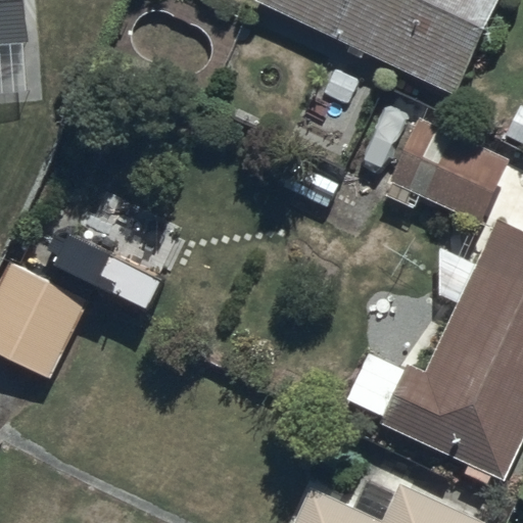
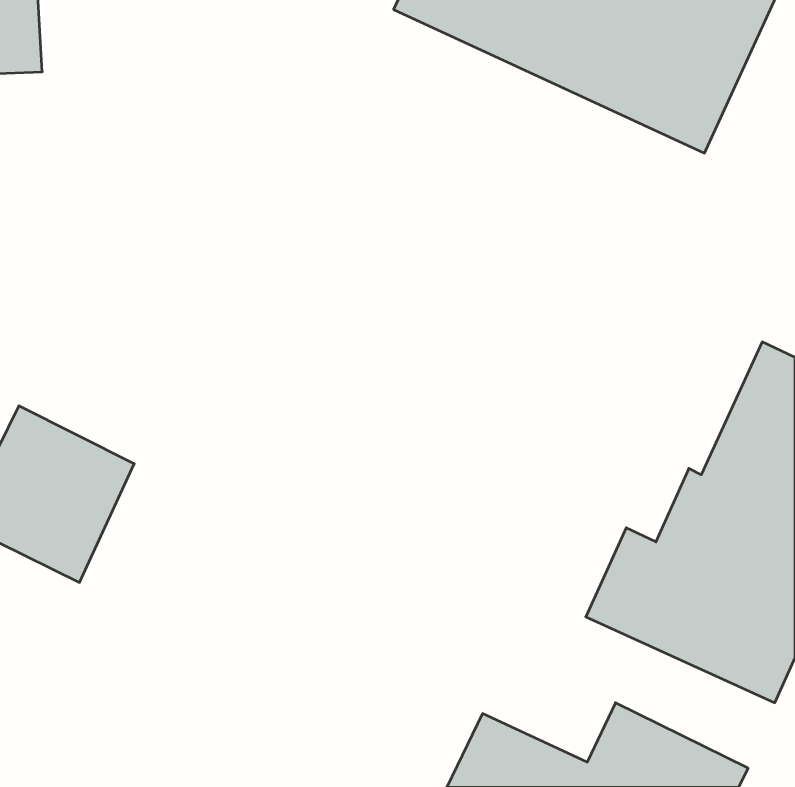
building: [386,121,513,225] -> none

